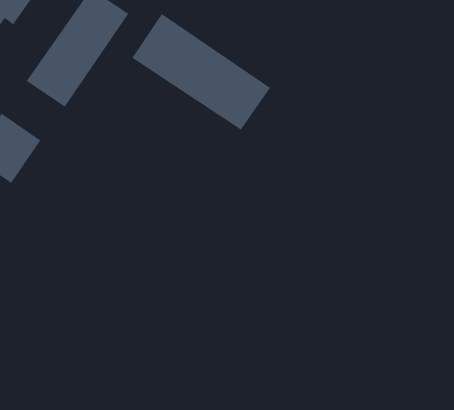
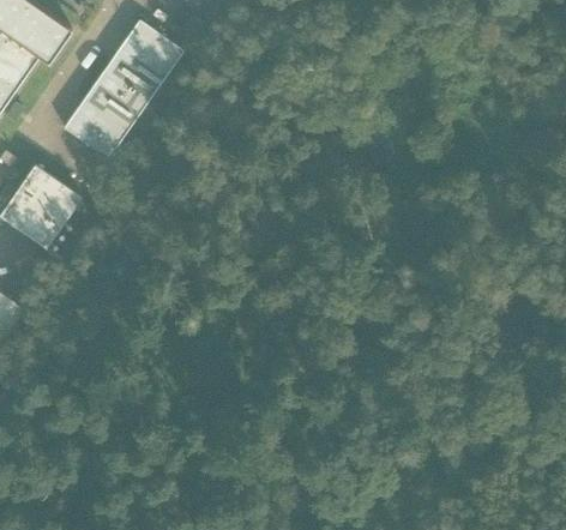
building: [131,13,271,131] -> none

